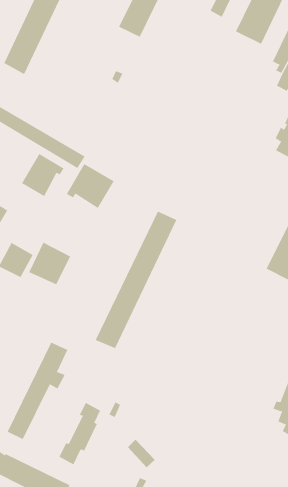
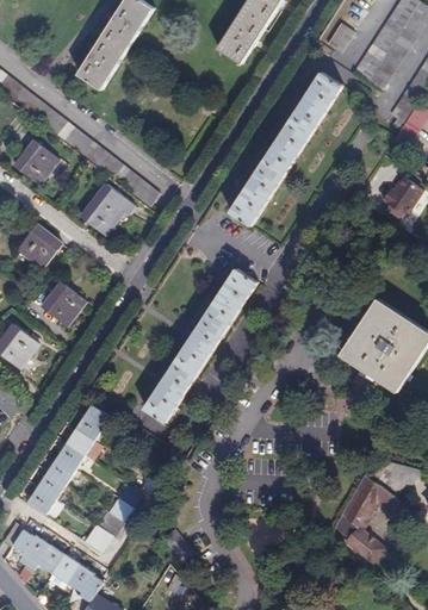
building: none -> [228,71,341,225]
building: [66,163,115,209] -> none
building: [29,242,71,285] -> none

